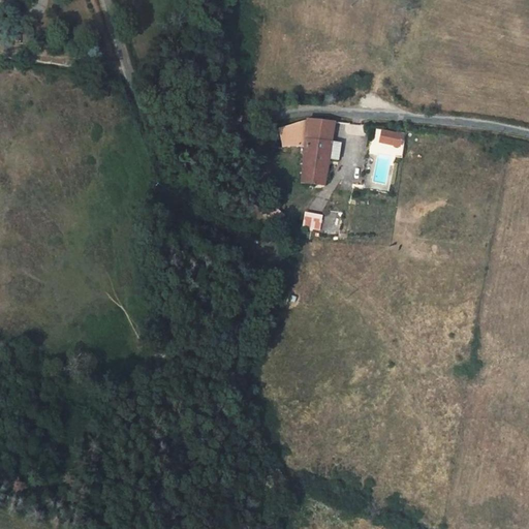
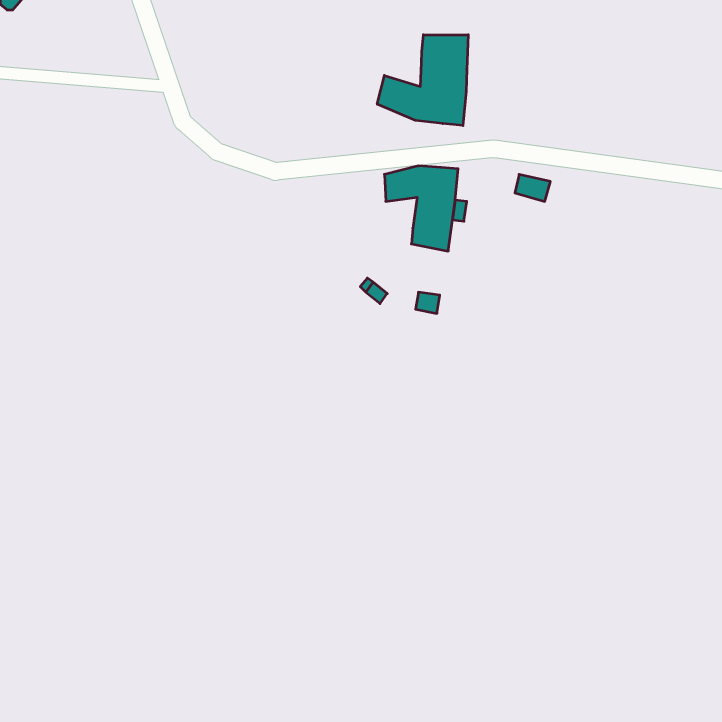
building: none -> [377,35,468,126]

